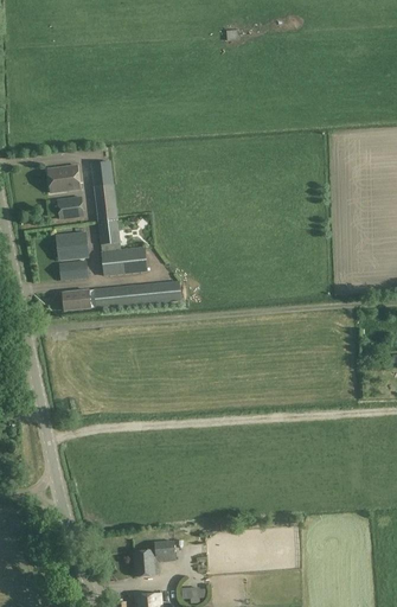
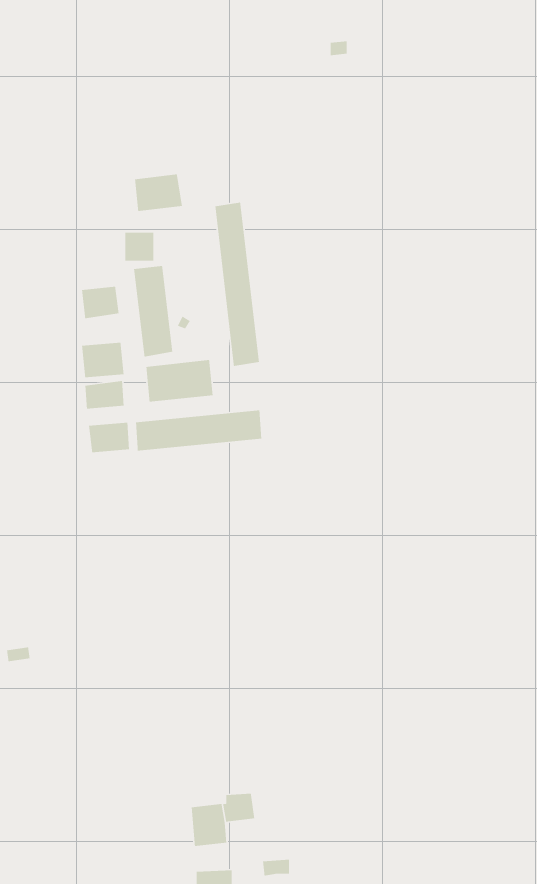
building: none -> [214,201,260,367]
building: [49,164,82,190] -> [134,174,183,212]

